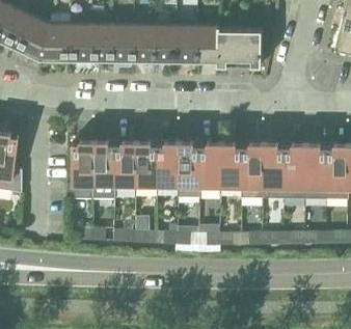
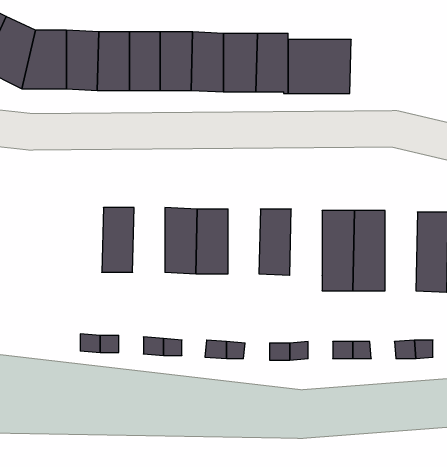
building: [68,142,95,199] -> none
building: [114,143,136,187] -> none
building: [179,144,200,198] -> none
building: [220,144,242,189] -> none
building: [285,145,306,199] -> none

